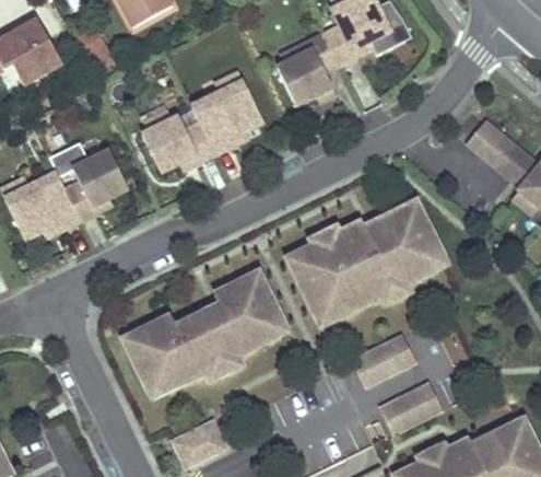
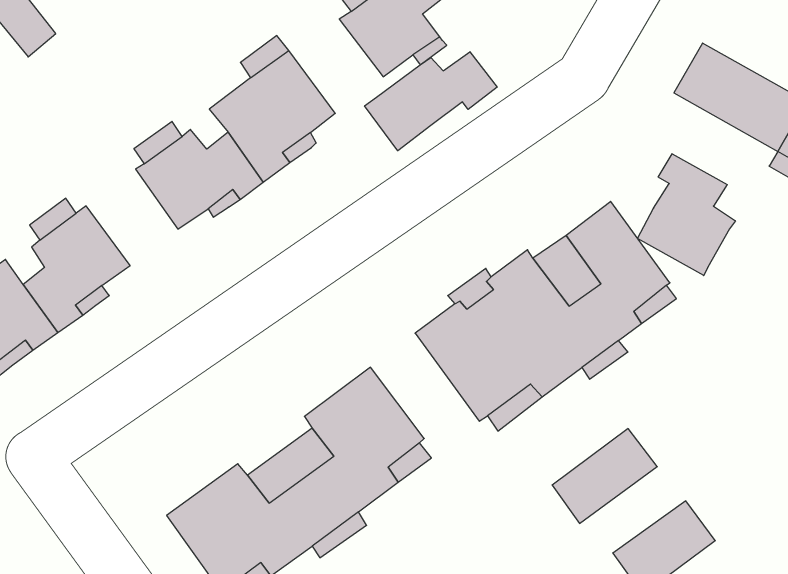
building: none -> [365,52,497,151]
building: none -> [638,154,735,276]

